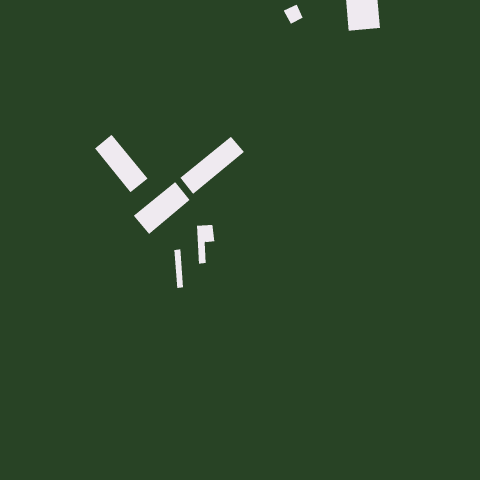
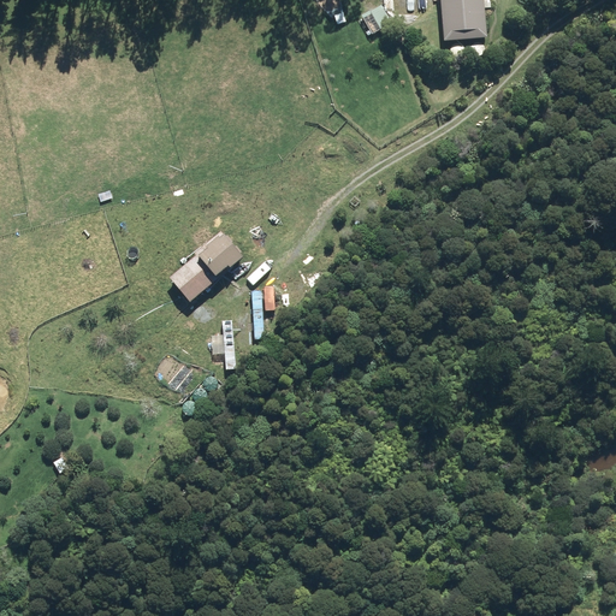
building: [94,134,149,193] -> none
building: [179,136,245,195] -> none

